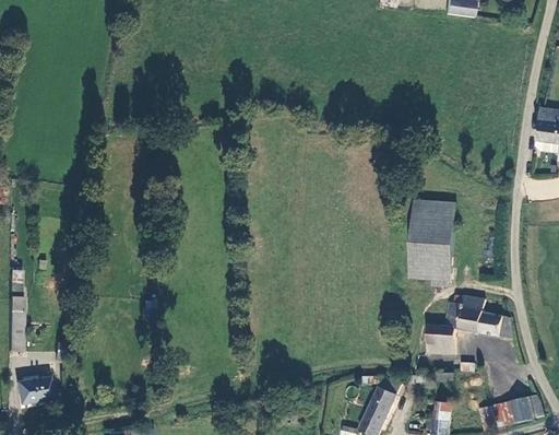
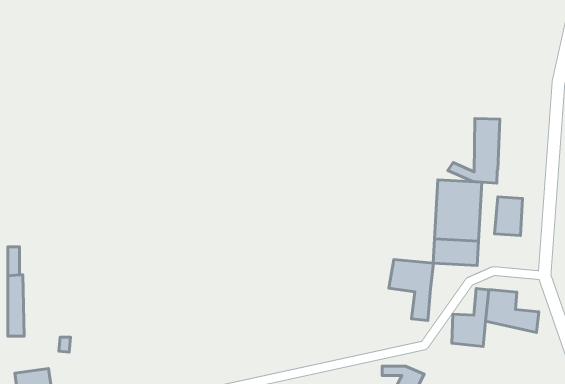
building: none -> [448,118,500,183]
building: none -> [495,197,522,235]
building: none -> [389,259,434,320]

